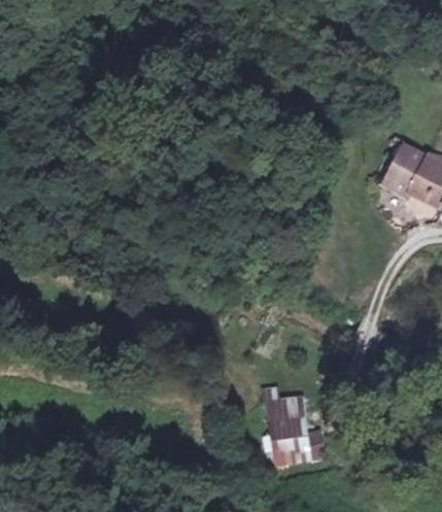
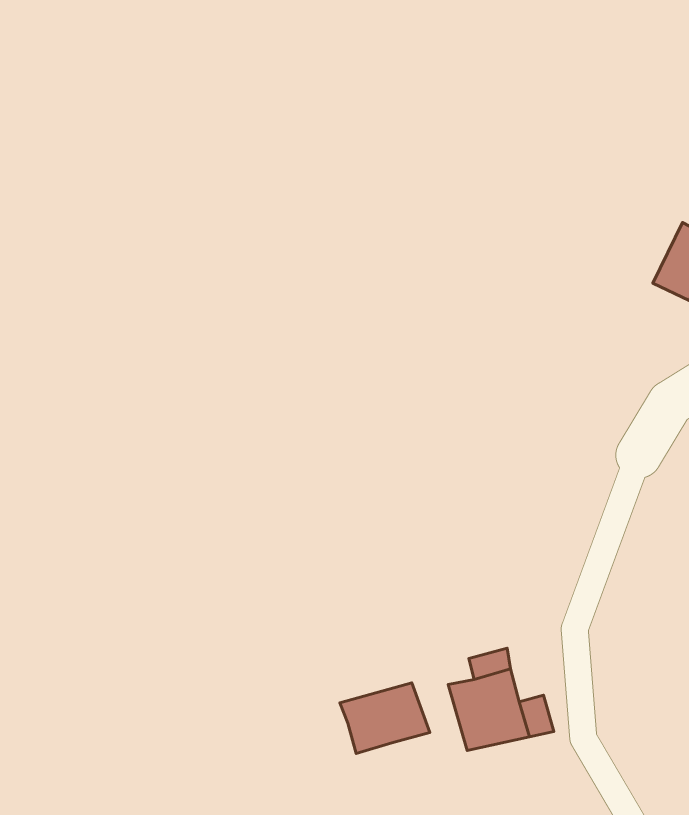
building: none -> [340,683,430,753]

